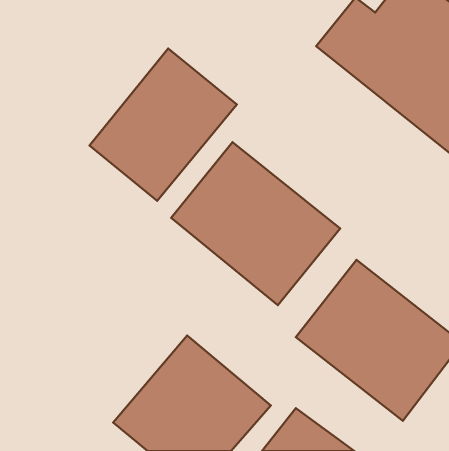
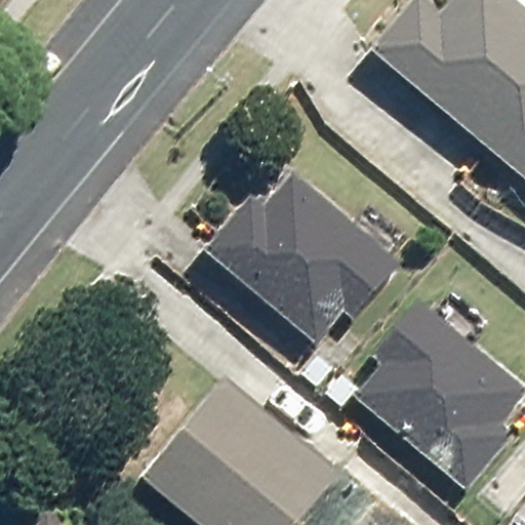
building: [89,49,237,201] -> none

